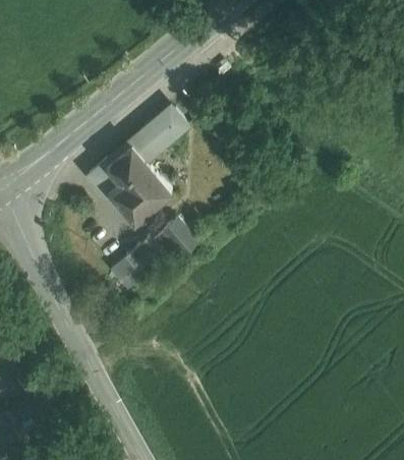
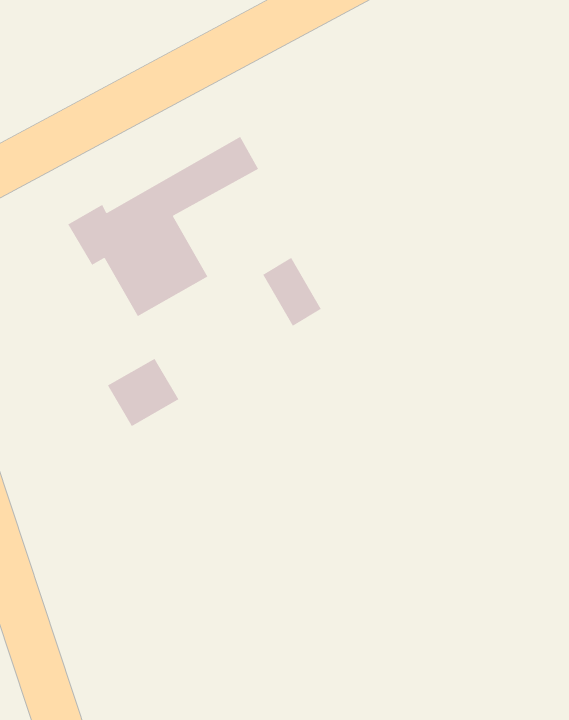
building: [157,219,192,256] -> [262,257,322,327]

